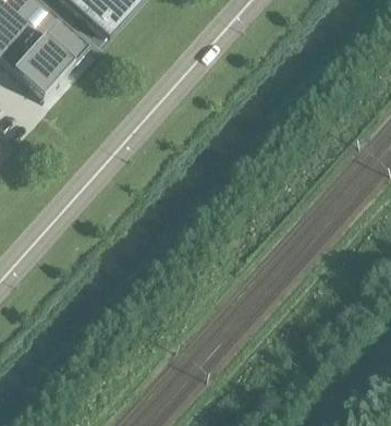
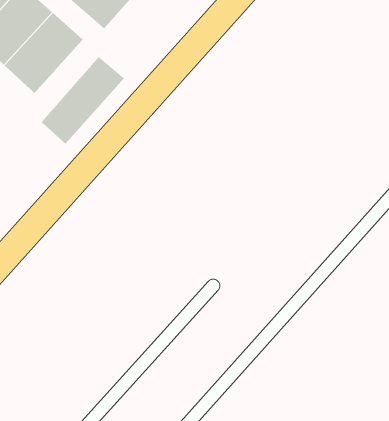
building: none -> [41,56,125,144]

